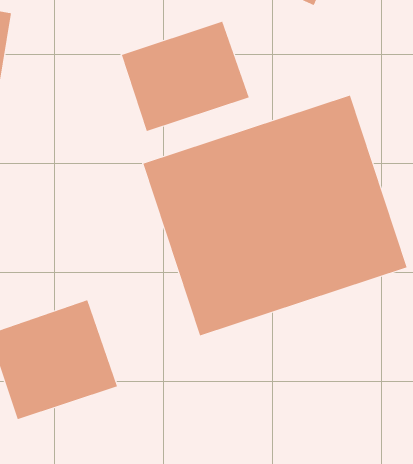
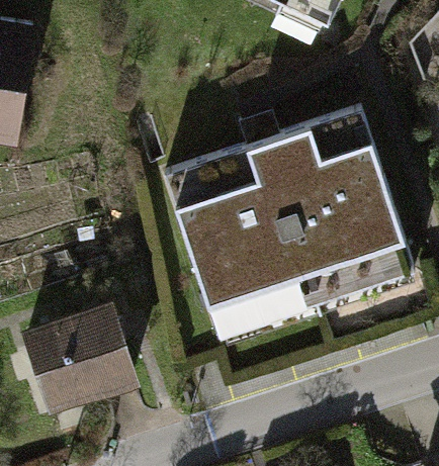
building: [121,21,250,132] -> none

